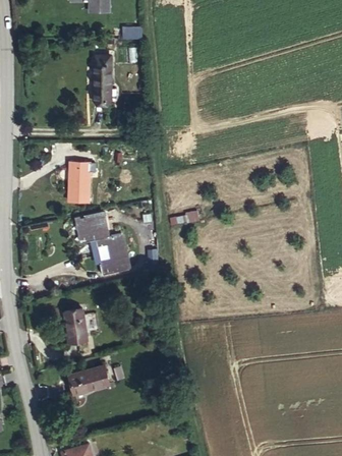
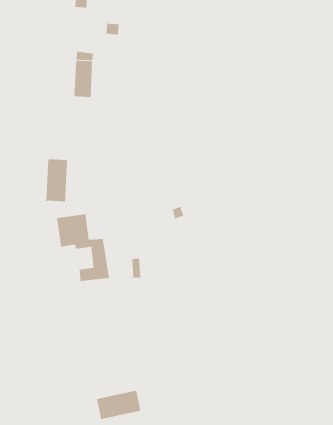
building: [63,308,83,341] -> none
building: [65,367,108,395] -> [96,390,141,419]

